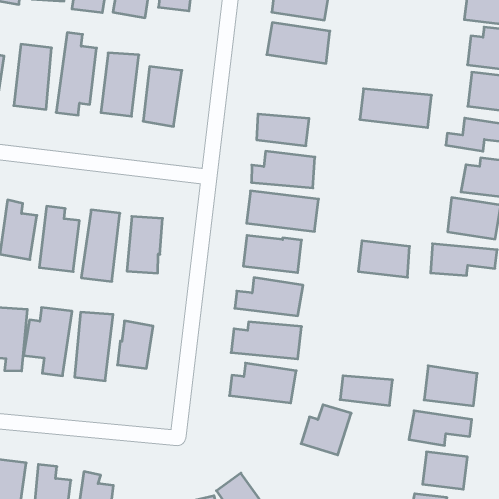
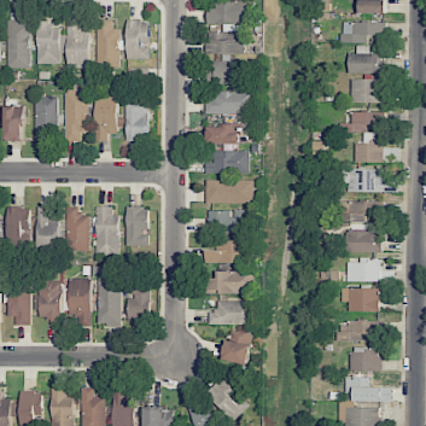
building: [360,89,432,128] -> [205,91,253,113]
building: [358,241,410,277] -> [348,230,383,252]
building: [340,376,393,405] -> [346,261,381,279]
building: [301,405,351,455] -> [221,331,253,364]

